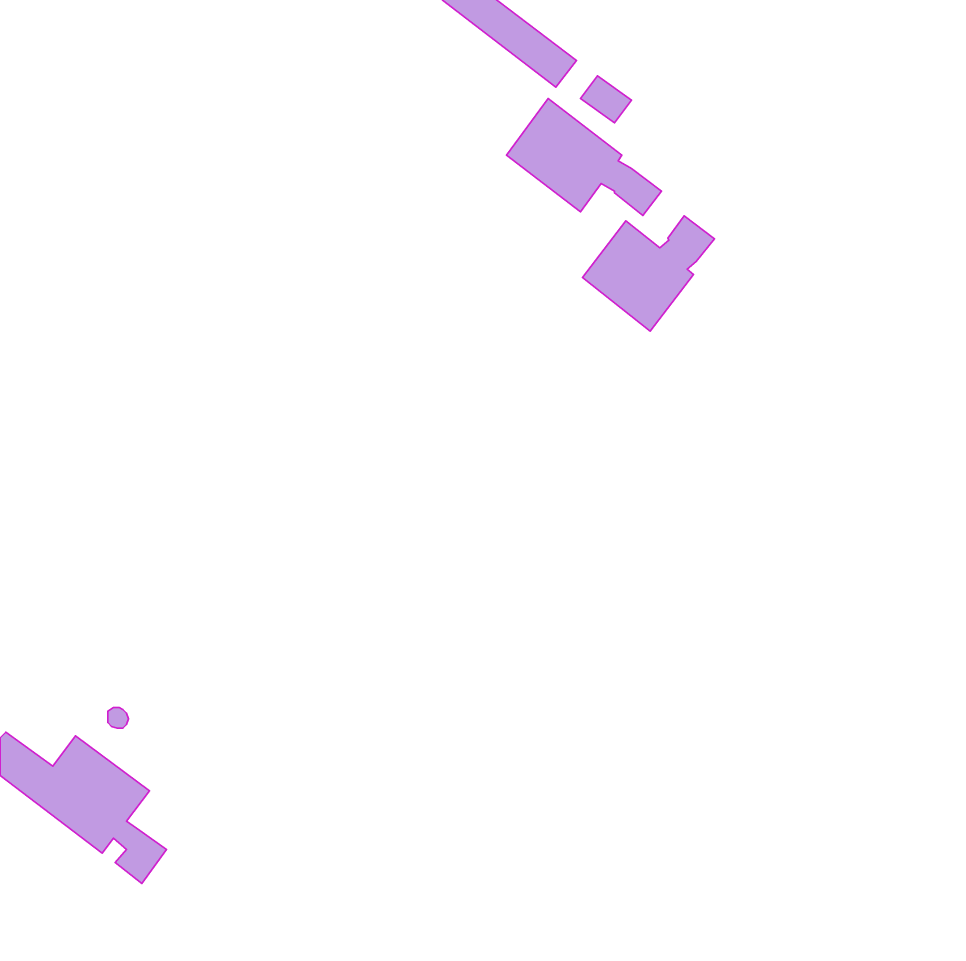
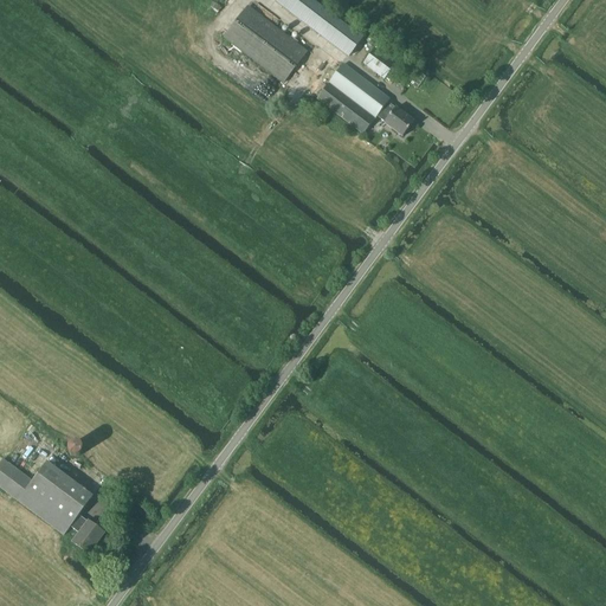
building: none -> [224,5,307,80]
building: [582,216,714,331] -> none

